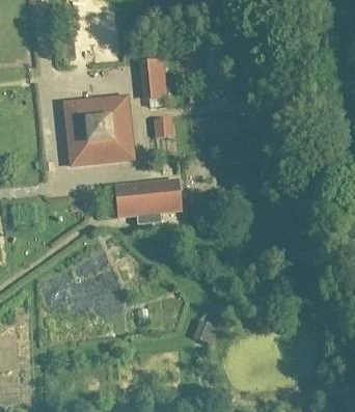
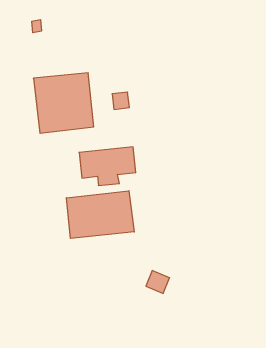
building: [143,58,166,98] -> none
building: none -> [66,191,134,238]

